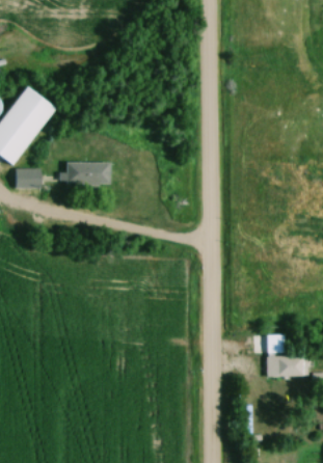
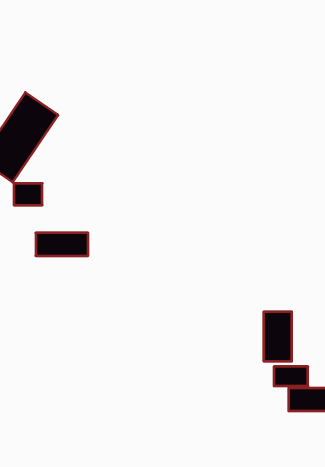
building: [63,163,111,184] -> [36,233,88,256]
building: none -> [264,312,292,361]

